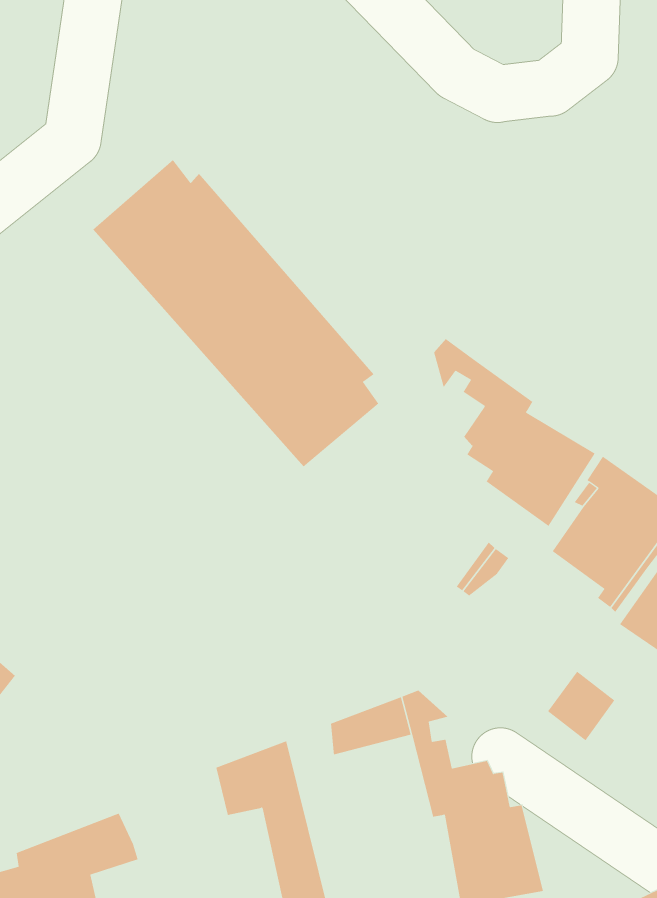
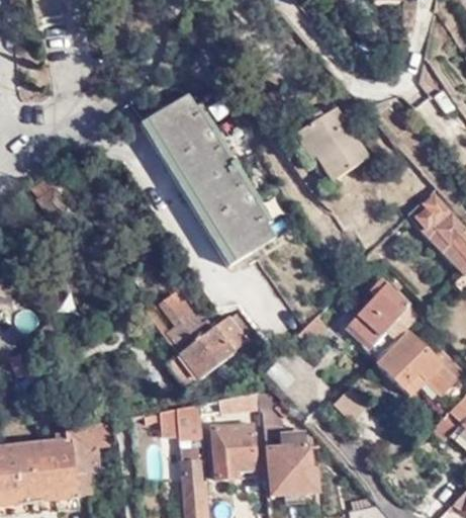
building: none -> [294,105,373,178]
building: [433,338,595,527] -> none
building: none -> [159,288,254,390]
building: none -> [213,429,256,482]

